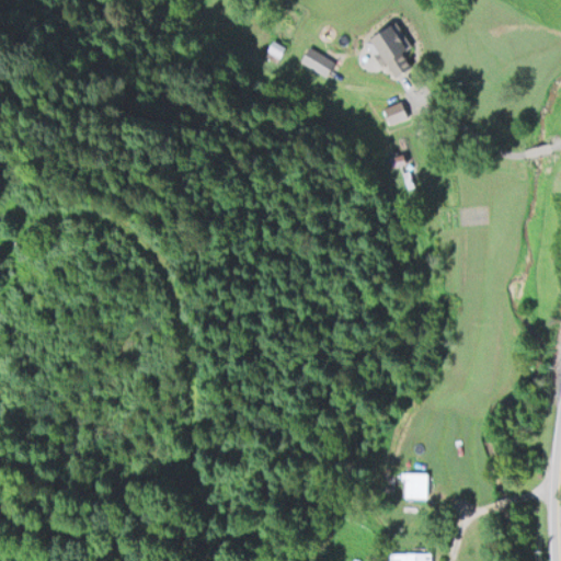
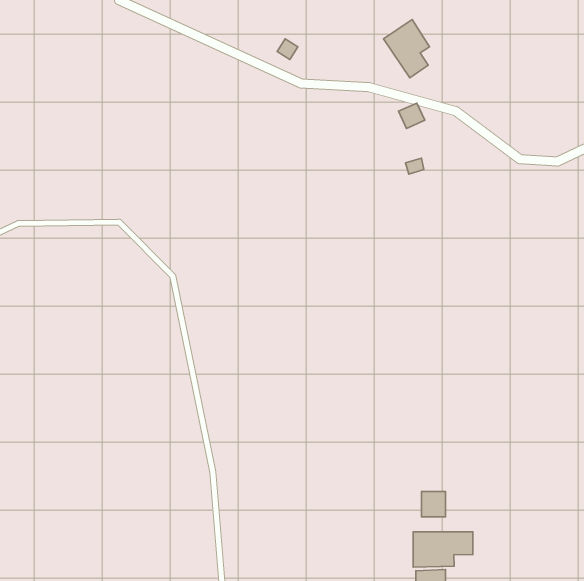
building: [300,48,335,78] -> none
building: none -> [413,532,473,567]

